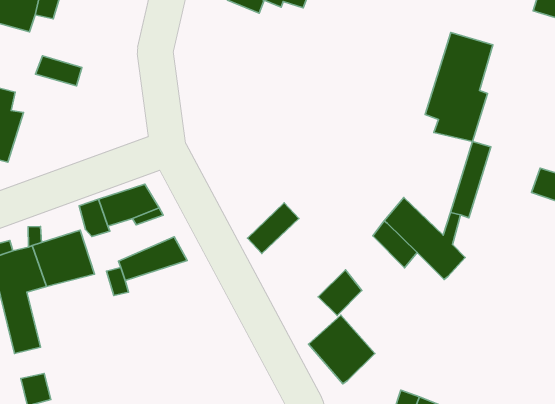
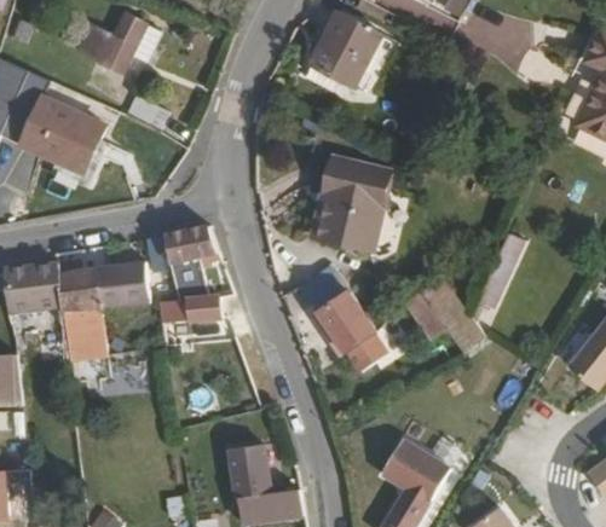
building: [425,33,493,141] -> none
building: none -> [314,155,388,249]
building: [308,315,375,384] -> [317,290,375,352]

